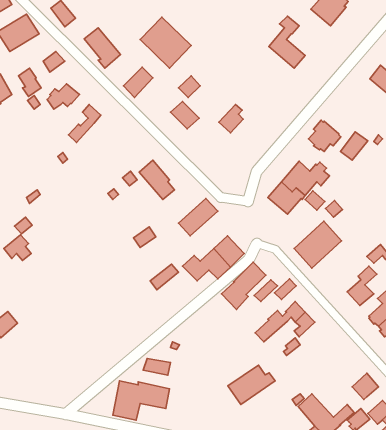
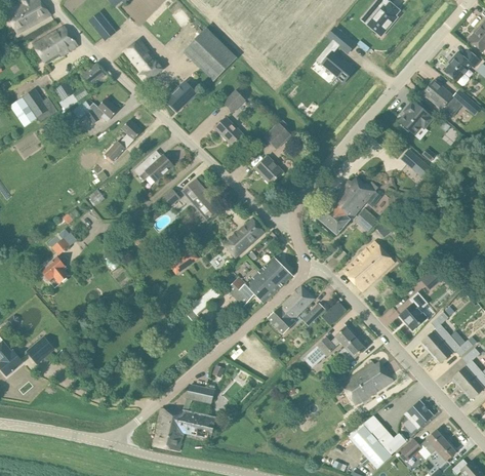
building: [309,120,341,152] -> [399,101,433,133]
building: none -> [135,154,174,181]
building: none -> [256,155,284,184]
building: [228,365,275,404] -> [342,362,392,403]

